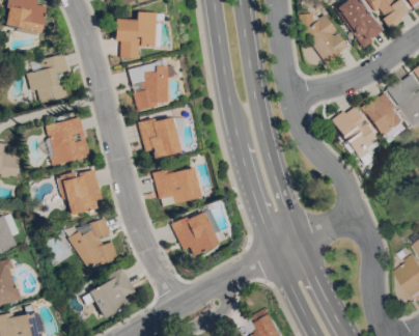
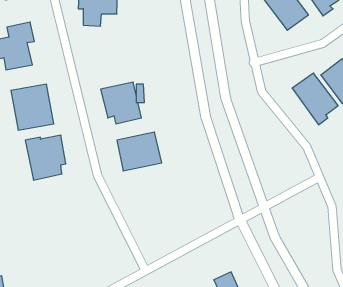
building: [129,64,172,108] -> none
building: [171,211,217,255] -> none
building: [72,219,117,269] -> none
building: [89,270,136,317] -> none

